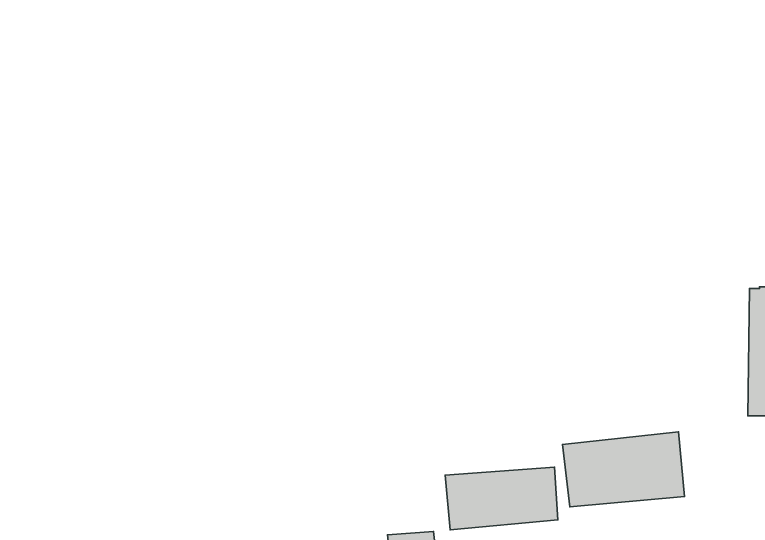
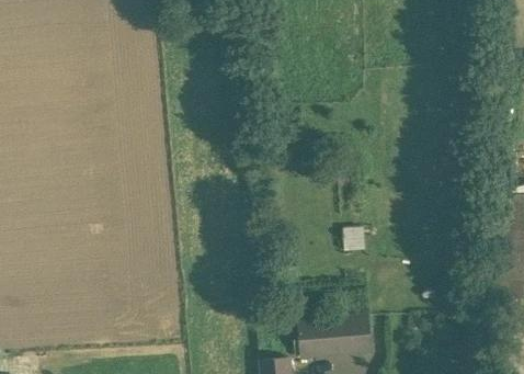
building: [562,432,685,507] -> none

